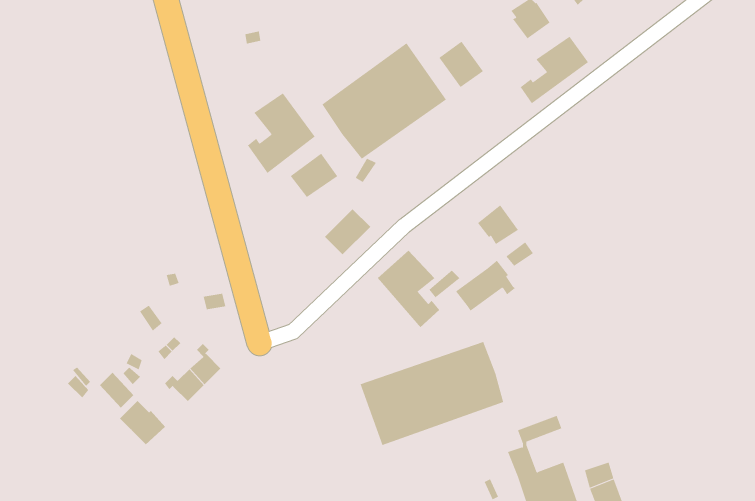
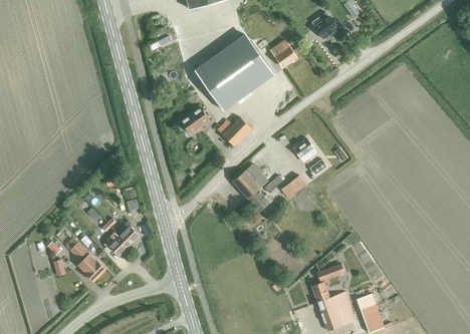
building: [520,36,589,104] -> none
building: [247,93,315,174] -> none
building: [324,208,371,255] -> [222,116,250,144]
building: [360,341,504,446] -> none

